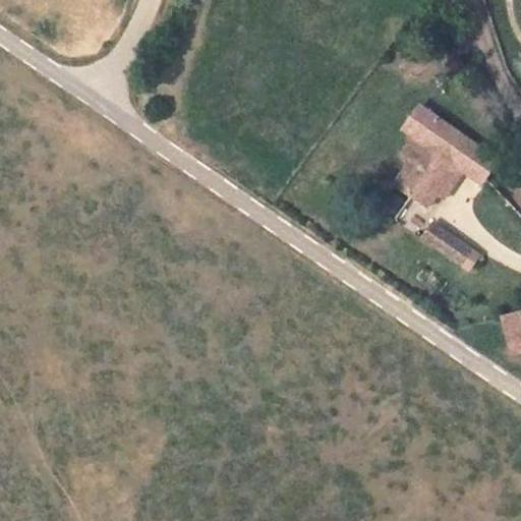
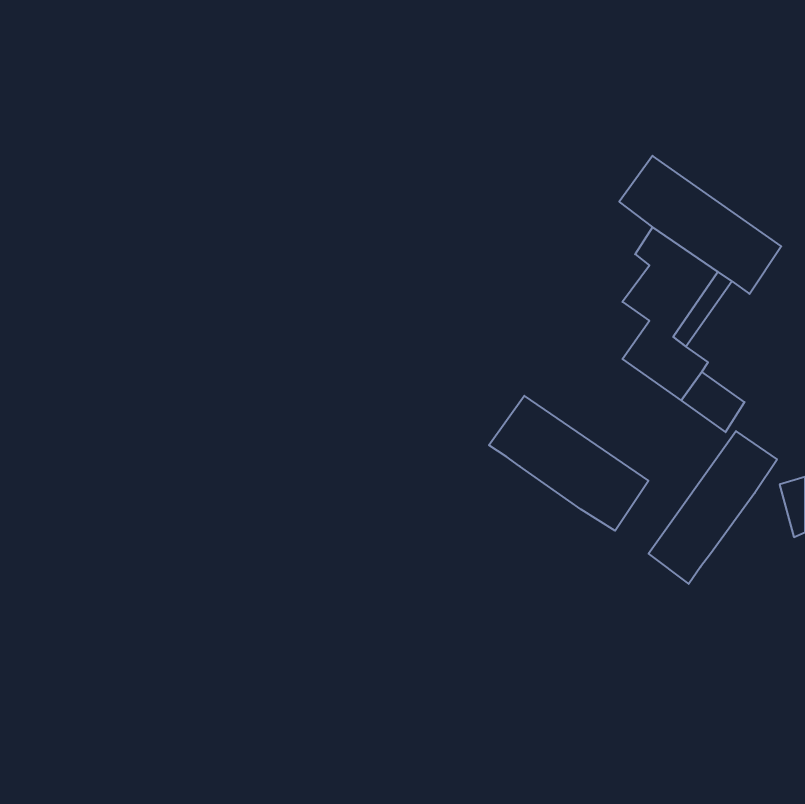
building: none -> [489,396,648,531]
building: none -> [649,431,777,584]

